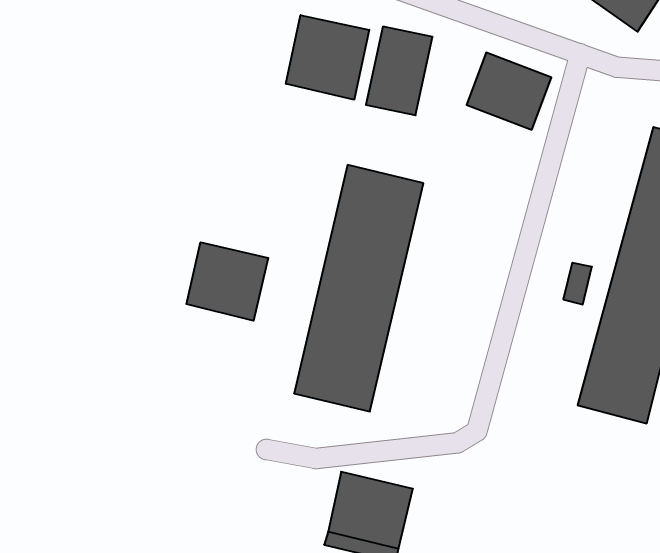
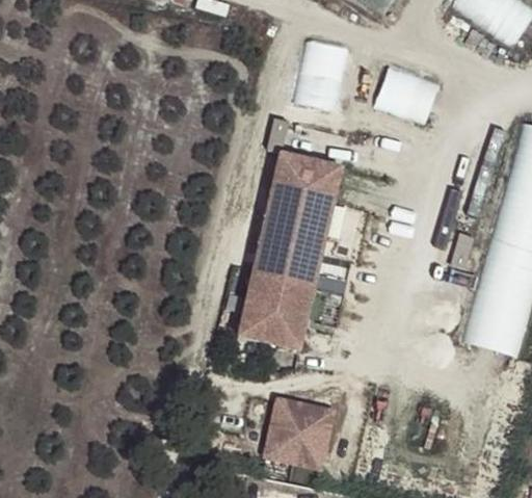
building: [286,15,369,100] -> none
building: [186,242,268,321] -> none

